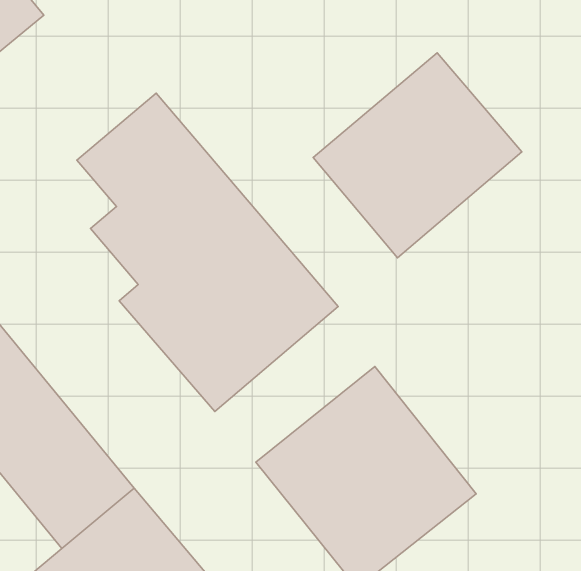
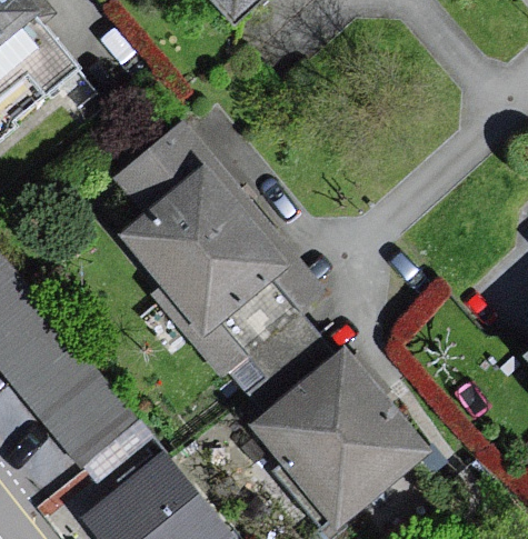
building: [313,53,522,258] -> none

